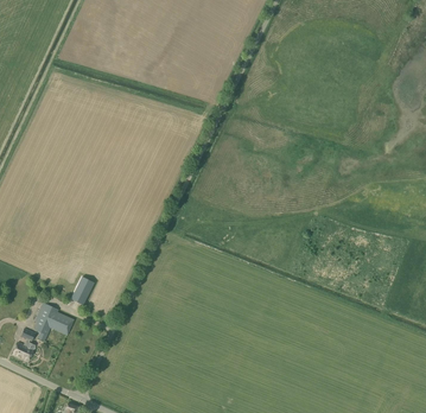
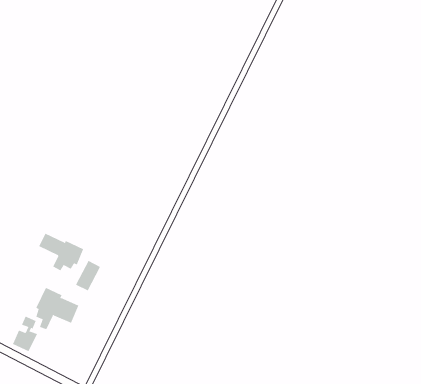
building: none -> [38,233,84,271]

